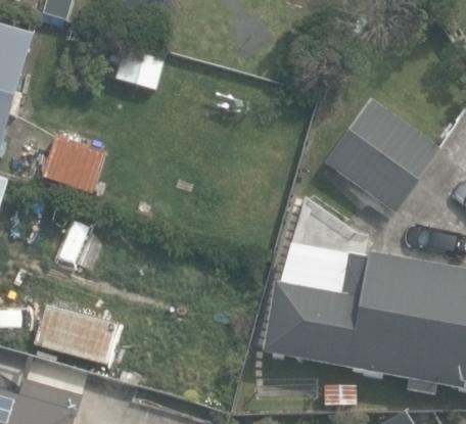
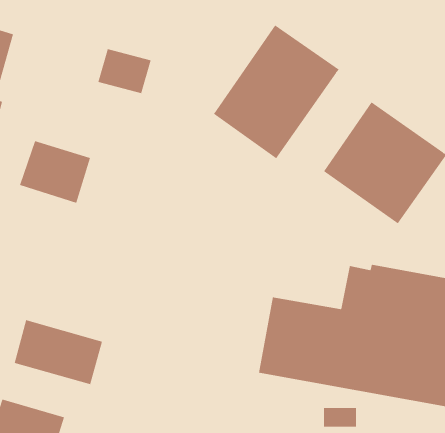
building: none -> [213,24,339,159]

